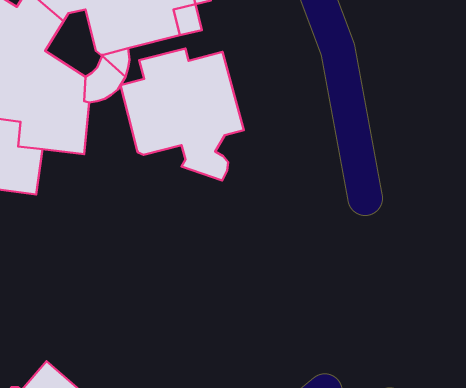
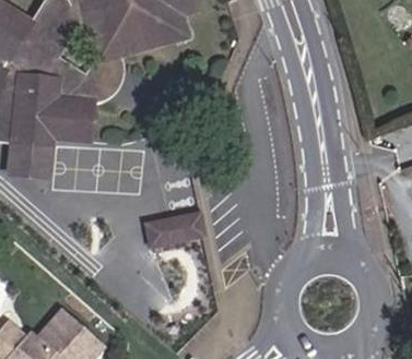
building: [120,49,244,181] -> none
building: none -> [141,211,203,248]

